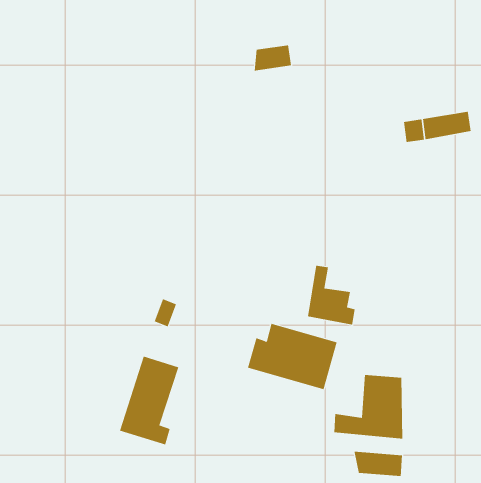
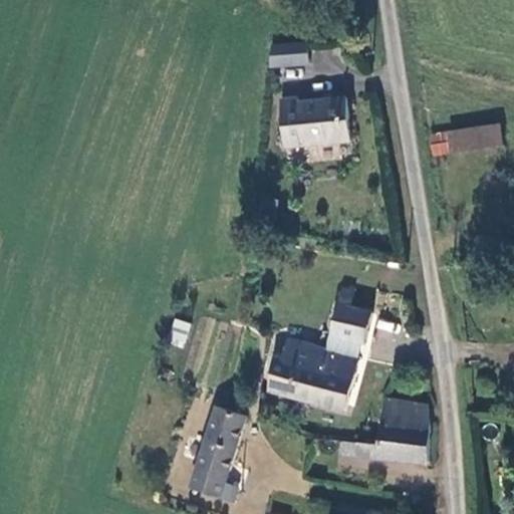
building: none -> [284,106,354,150]
building: [119,356,179,445] -> [188,409,251,503]
building: [354,451,403,477] -> none

